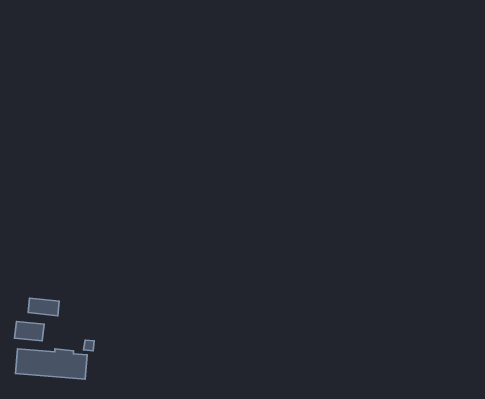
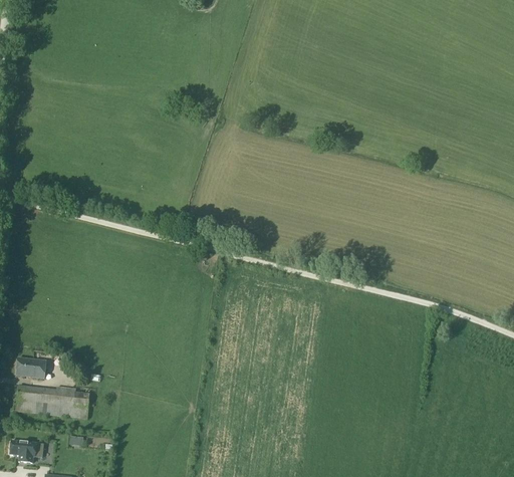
building: [28,298,59,316] -> none

